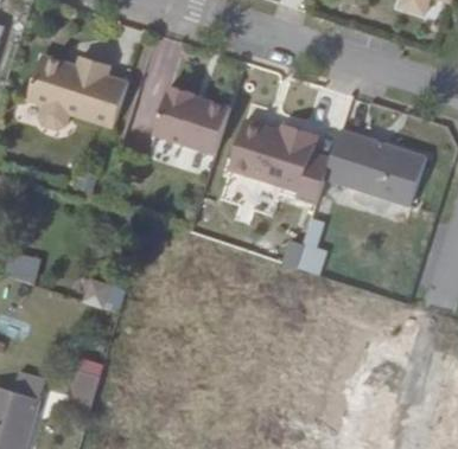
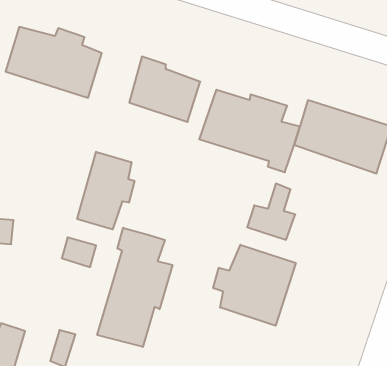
building: none -> [77,152,134,229]
building: none -> [97,228,172,347]
building: none -> [213,245,296,326]

